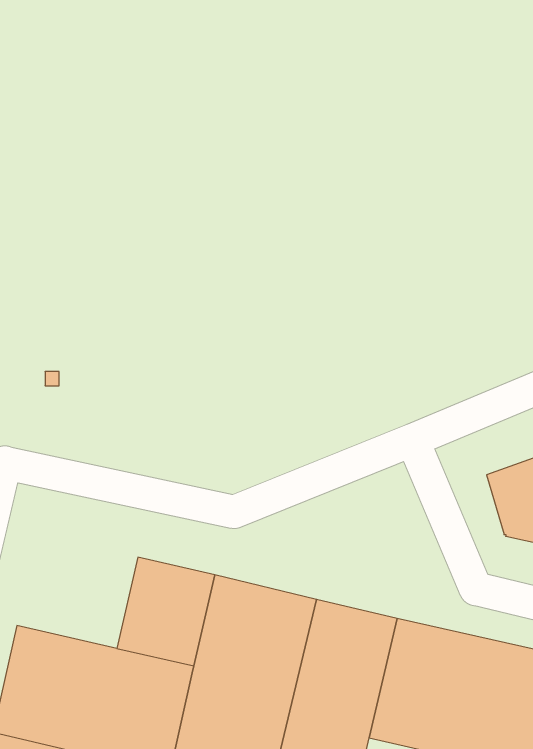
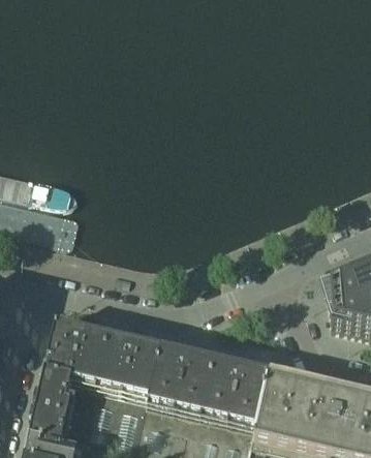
building: none -> [41,320,113,388]

